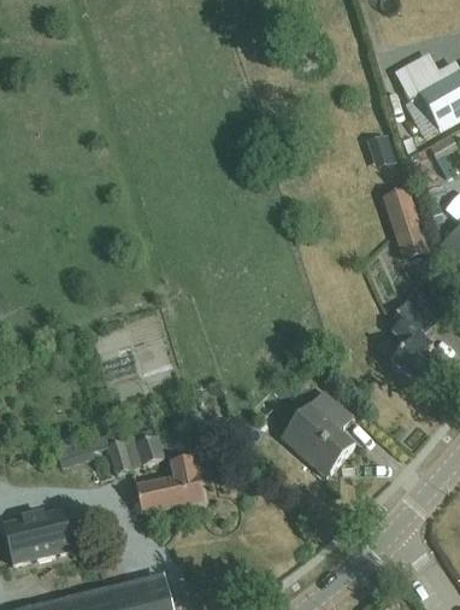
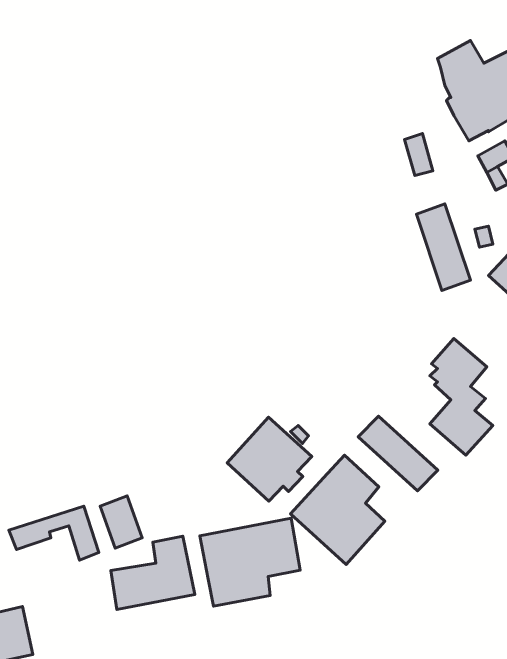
building: none -> [358,416,438,491]
building: none -> [227,417,312,501]
building: none -> [200,518,300,606]

